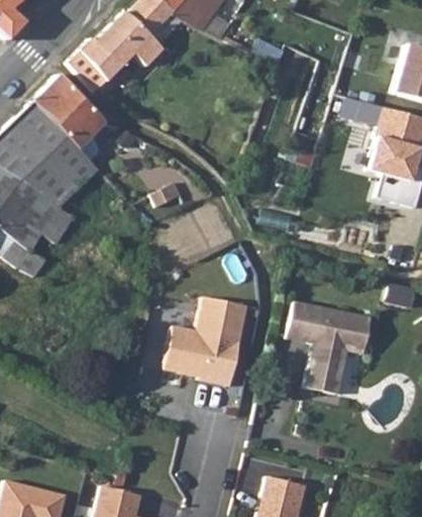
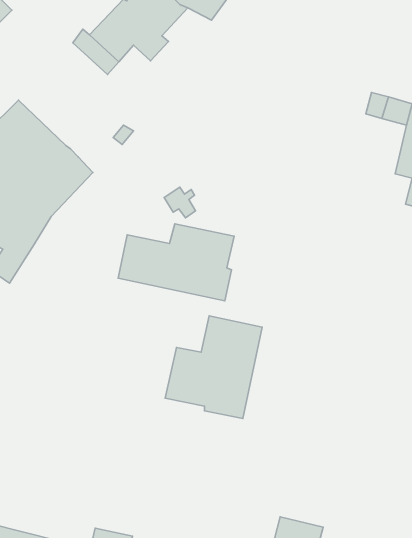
building: [31,73,99,143] -> none
building: none -> [118,224,234,301]
building: [286,305,372,398] -> none

